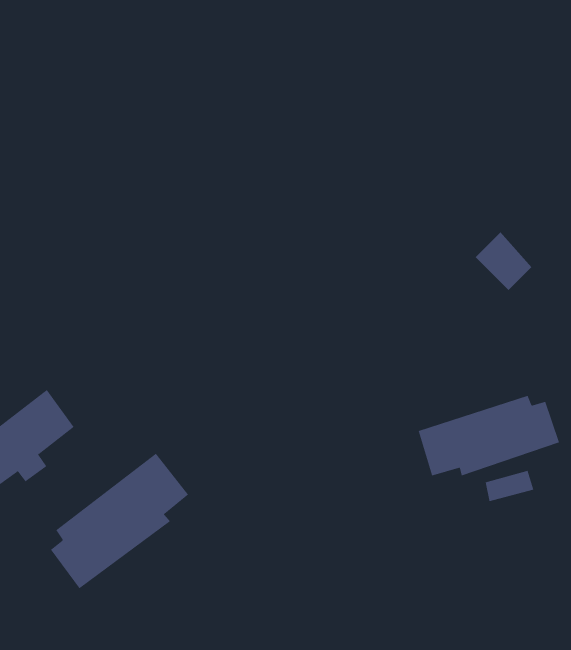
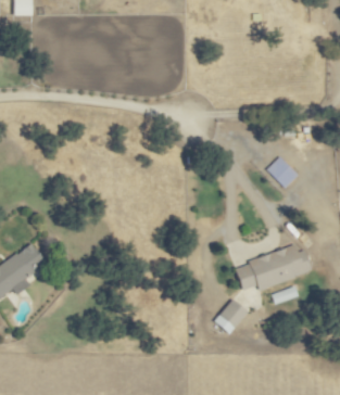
building: [50,453,189,589] -> none
building: none -> [214,298,249,333]

